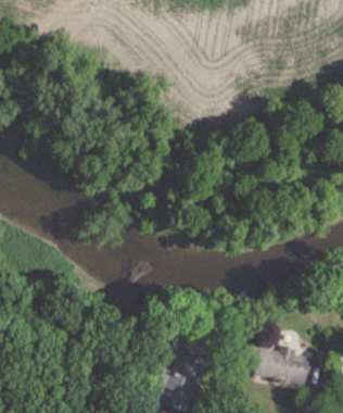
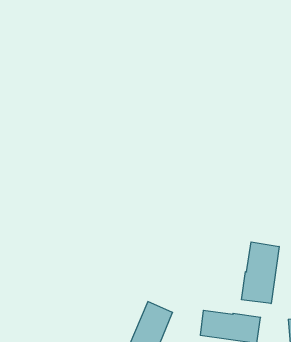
building: none -> [242,242,279,304]

